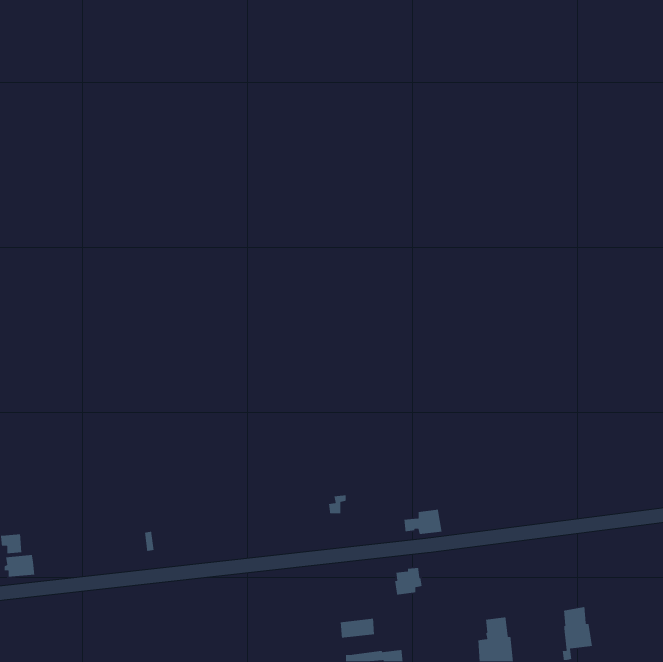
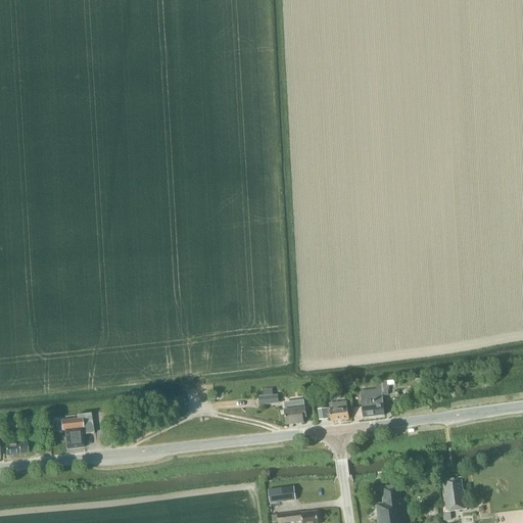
building: none -> [361,380,388,417]
building: none -> [60,418,85,449]
building: [394,567,423,596] -> [284,400,306,423]

